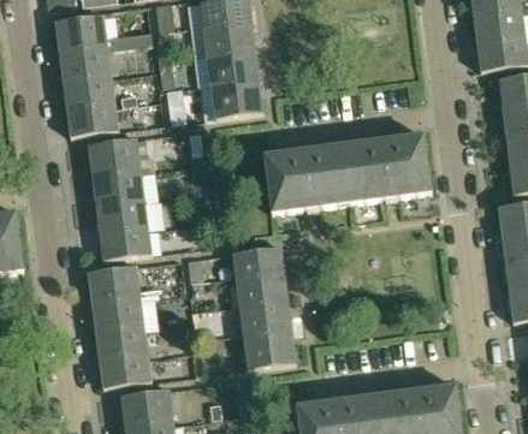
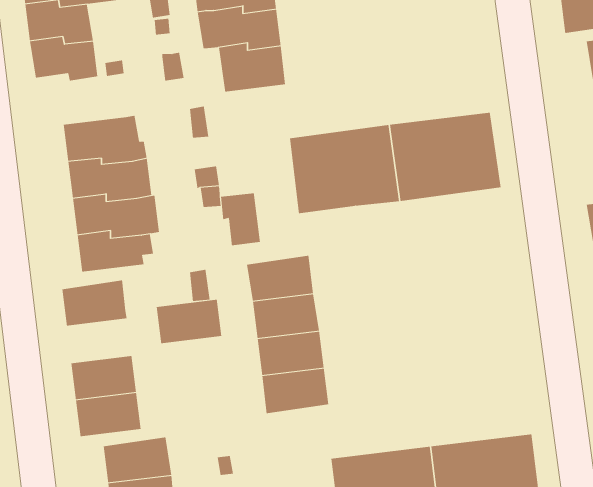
building: [66,103,118,137] -> none
building: none -> [221,193,260,246]
building: [90,295,142,329] -> [156,299,222,344]

